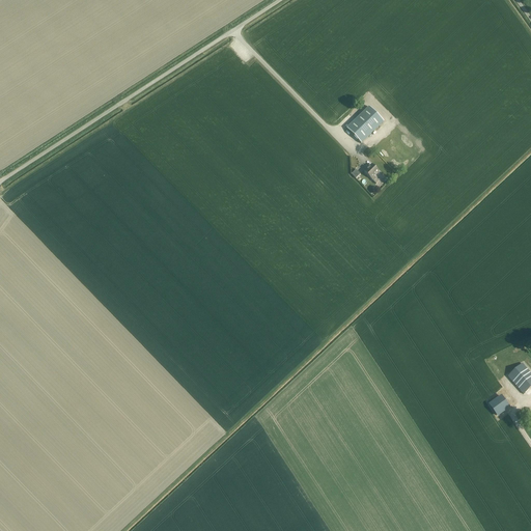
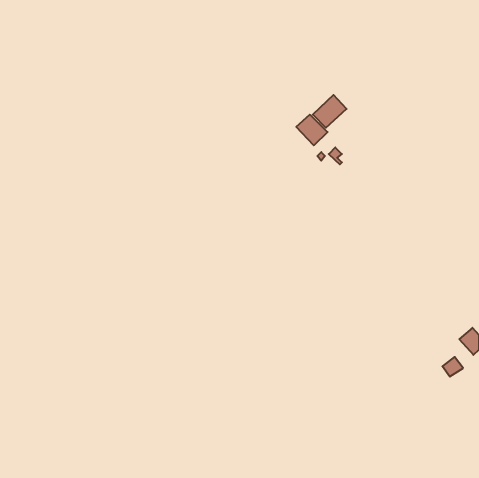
building: none -> [296,115,328,145]

